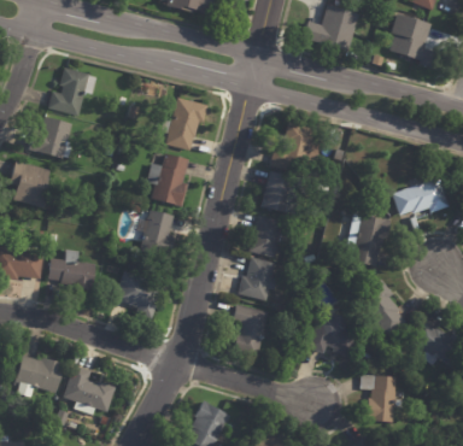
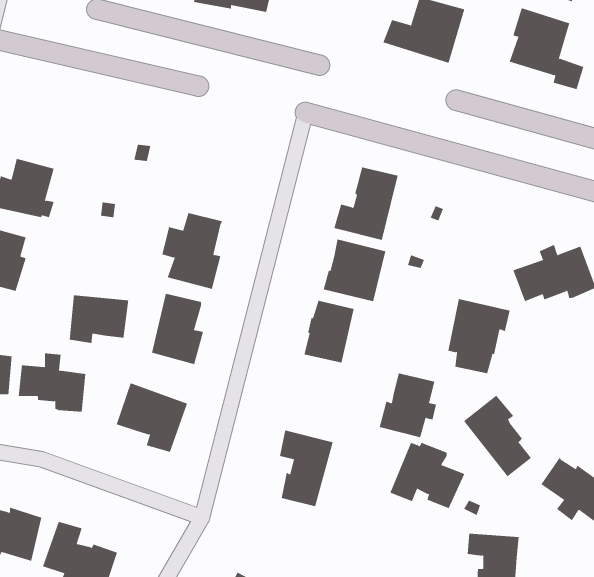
building: [51,66,100,116] -> none
building: [164,96,211,149] -> none
building: none -> [69,295,129,344]
building: [235,256,275,300] -> [379,373,437,438]

